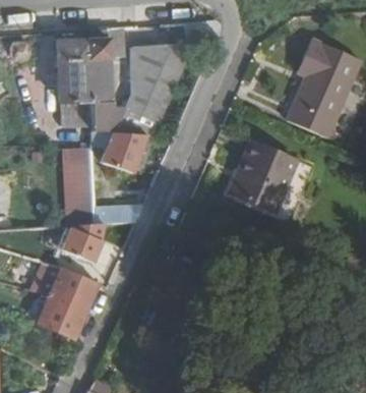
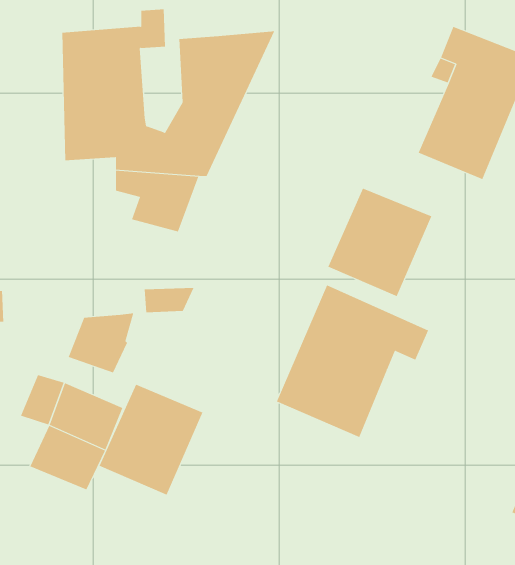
building: [61,146,94,213] -> none
building: none -> [276,284,429,438]
building: none -> [99,384,203,496]

